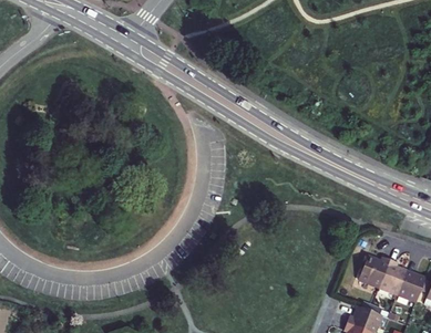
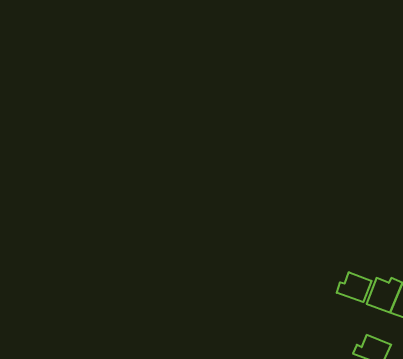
building: none -> [337,272,372,302]

